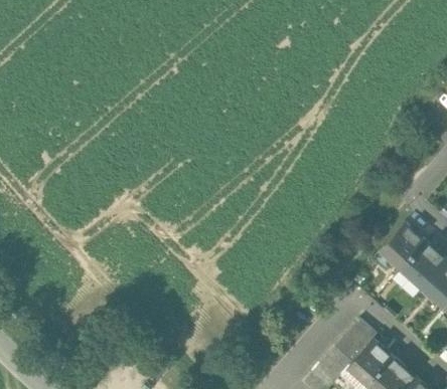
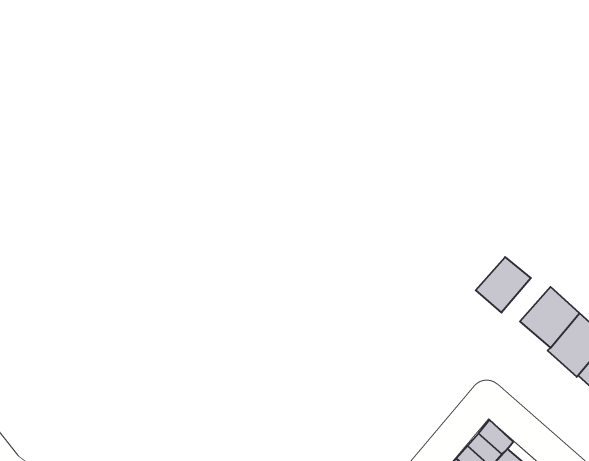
building: none -> [476,257,531,313]

